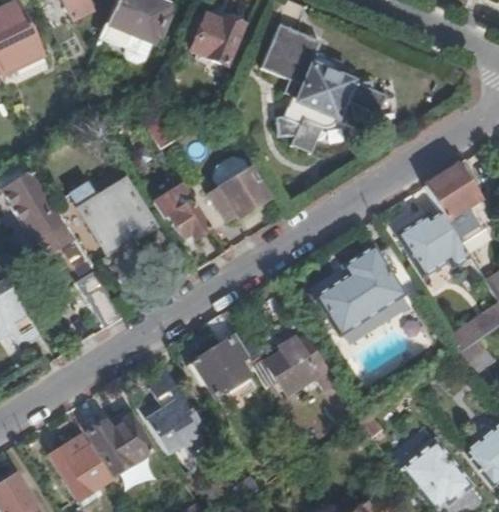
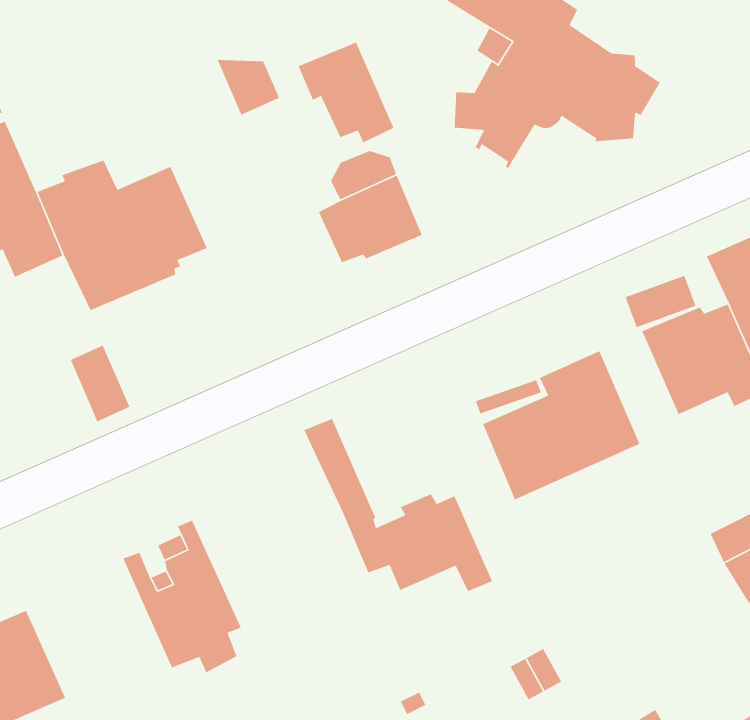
building: [153,184,211,239] -> [298,42,395,143]
building: [194,314,249,395] -> none
building: [89,408,154,474] -> none

